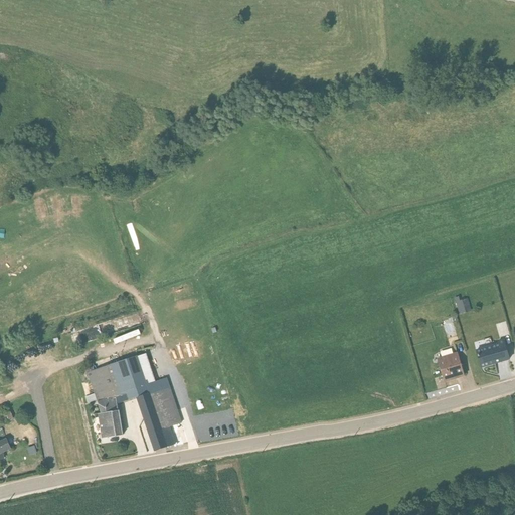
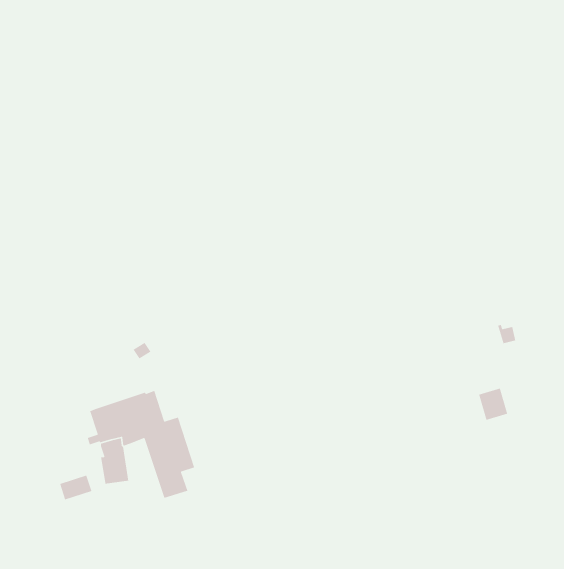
building: [476,337,510,365] -> none
building: none -> [59,475,92,501]

